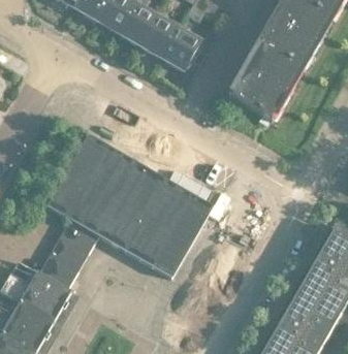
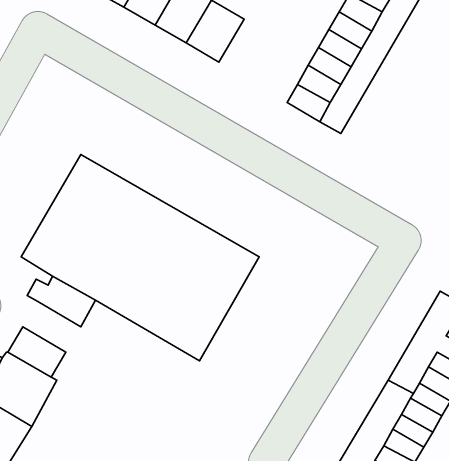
building: [40,232,88,271] -> none

